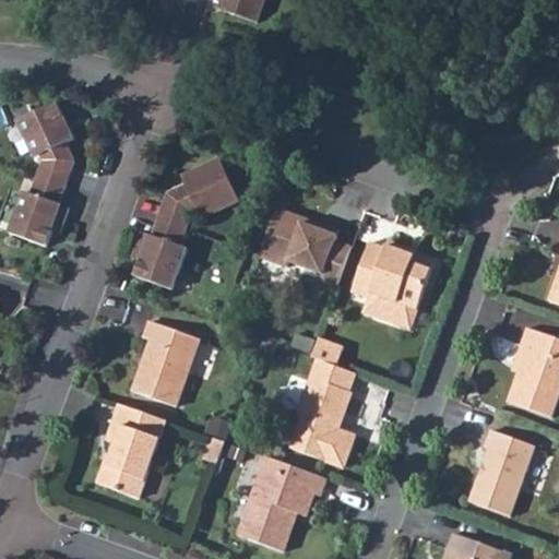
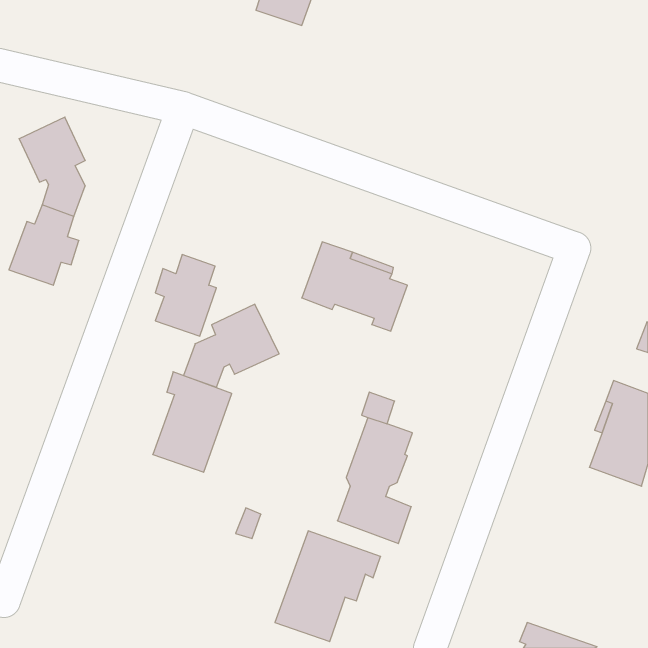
building: [156,157,238,228] -> [184,304,279,387]
building: [350,239,433,325] -> none
building: [96,403,165,497] -> none
building: [471,430,536,516] -> none

